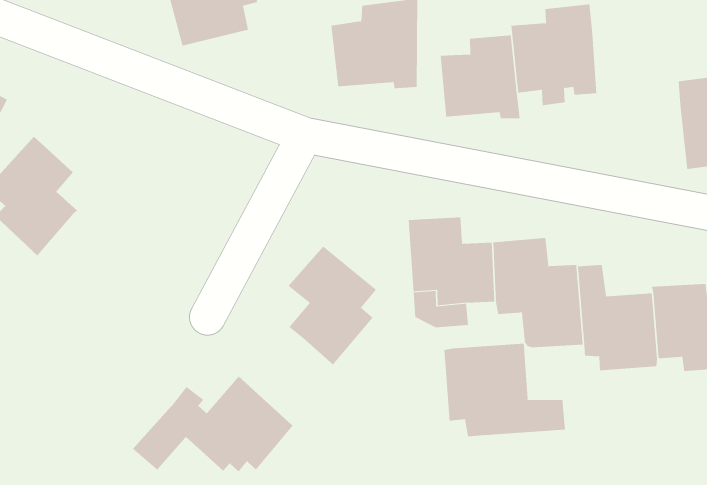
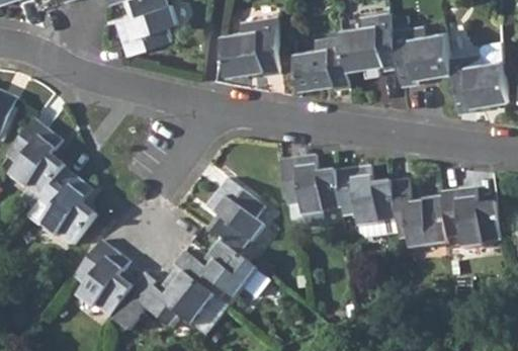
building: none -> [393,25,451,88]
building: none -> [37,168,96,245]
building: none -> [74,242,135,320]
building: none -> [174,241,256,300]
building: [444,343,565,437] -> none

